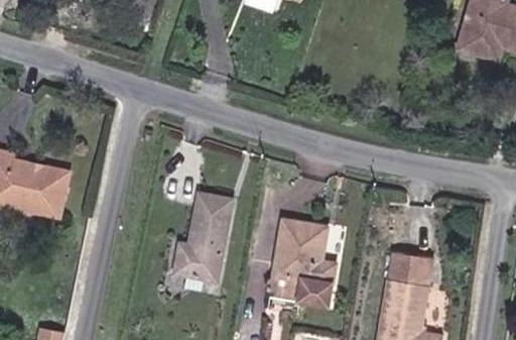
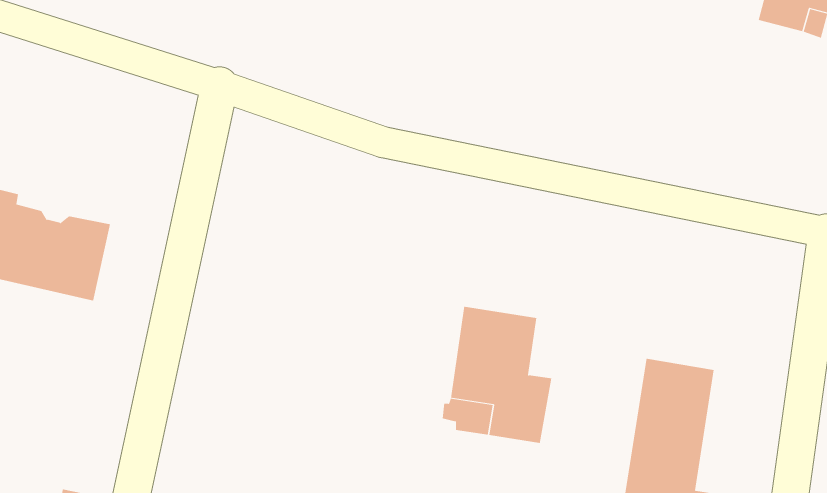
building: [173,194,232,280] -> none

